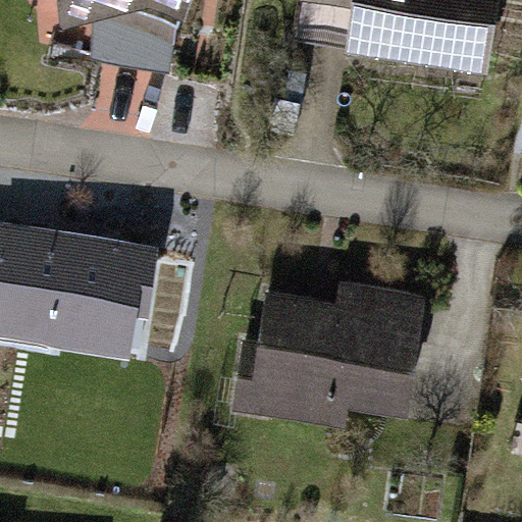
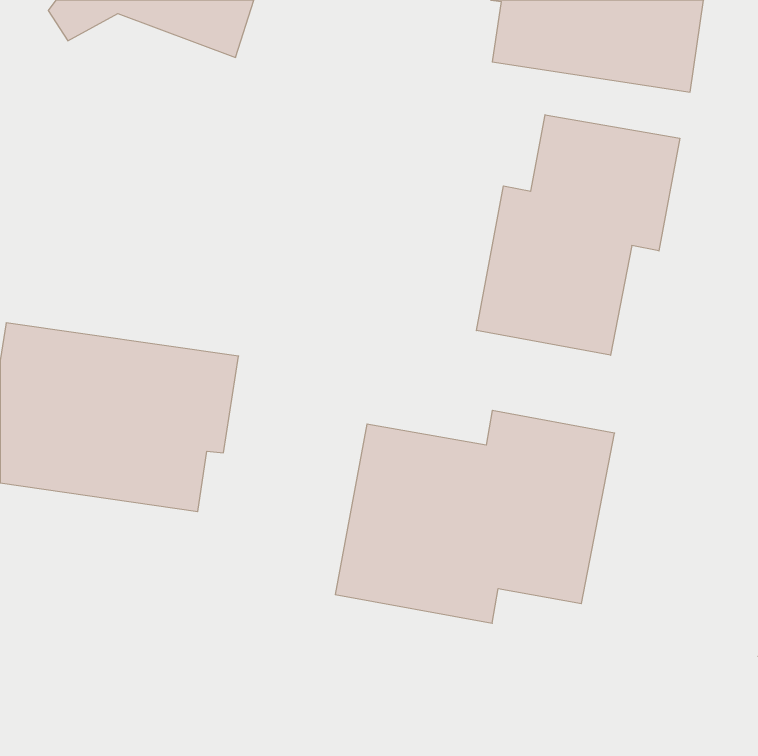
building: none -> [476,115,680,355]

